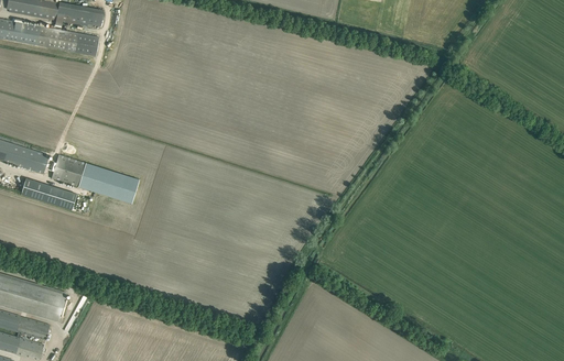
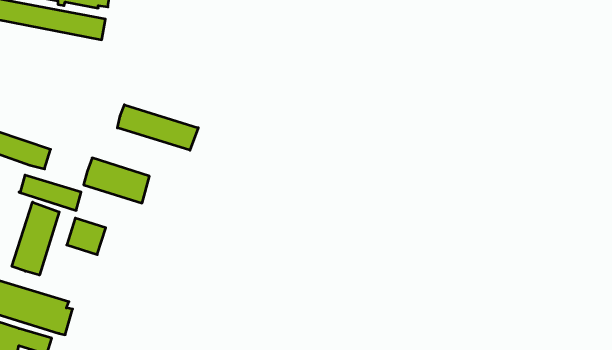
building: none -> [117,105,198,150]
building: [48,153,84,186] -> [67,218,106,255]
building: none -> [12,202,59,275]

